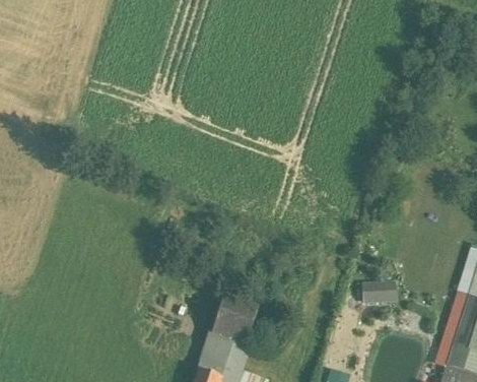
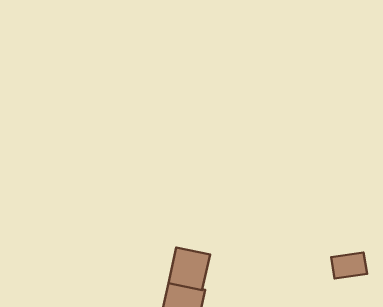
building: [365,277,400,301] -> [331,252,367,279]

